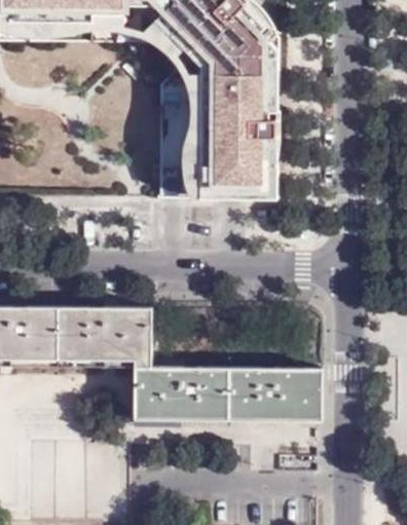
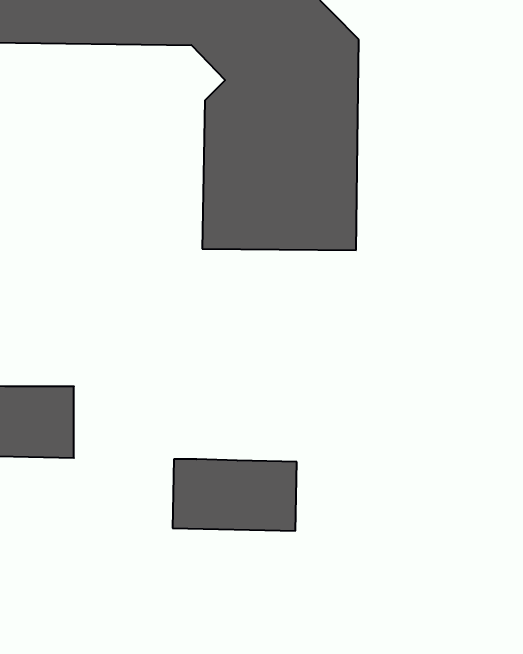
building: [59,306,152,362] -> none
building: [227,364,323,418] -> none

